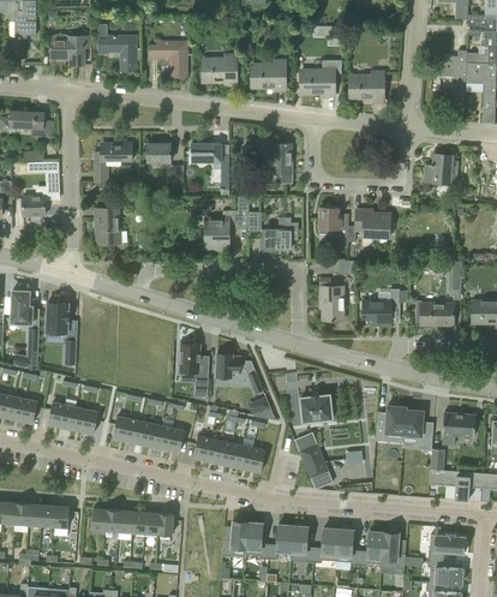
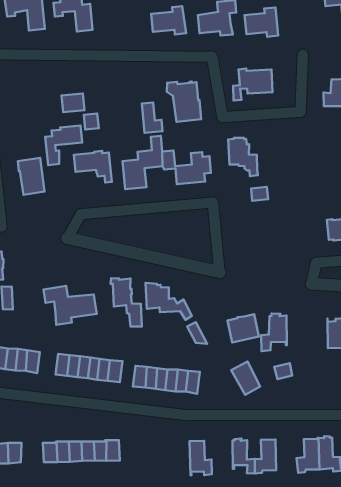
building: [202,55,236,85] -> none
building: [191,142,228,175] -> [74,151,112,183]
building: [94,143,132,181] -> [45,126,82,165]
building: [347,209,390,241] -> [233,69,272,101]
building: [319,286,343,320] -> none
building: [363,288,406,324] -> none
building: none -> [43,286,97,325]
building: [376,402,406,441] -> [261,314,287,351]
building: [222,519,247,557] -> none
building: [268,524,293,560] -> none
building: [336,527,359,566] -> none

